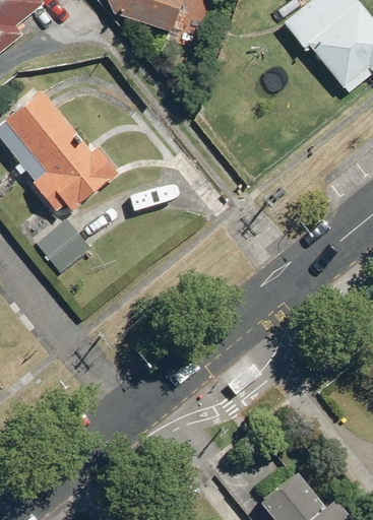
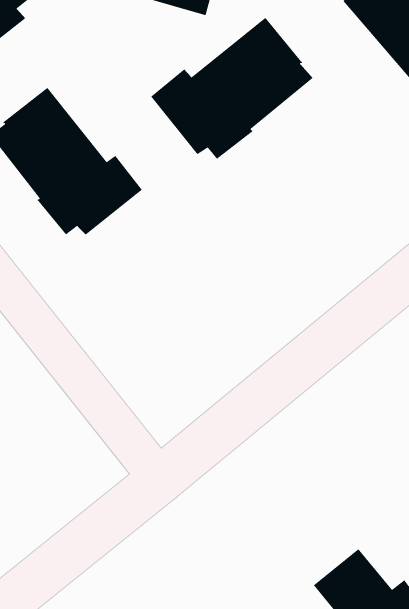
building: none -> [150,17,313,160]
building: [37,218,91,273] -> none

